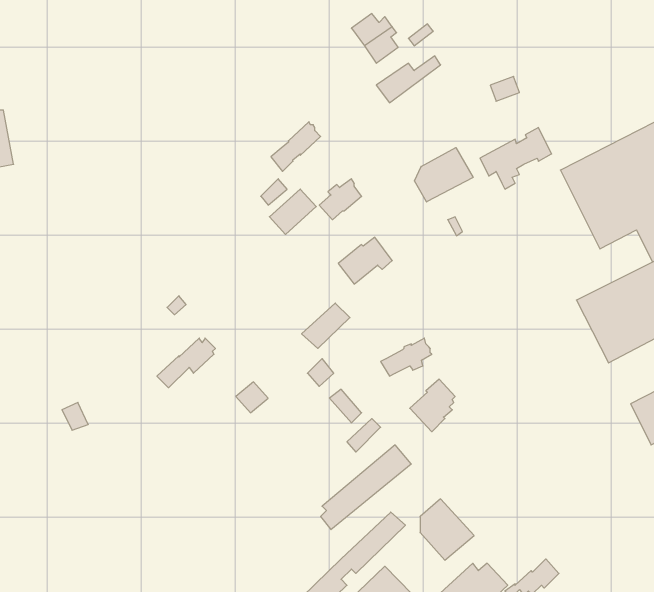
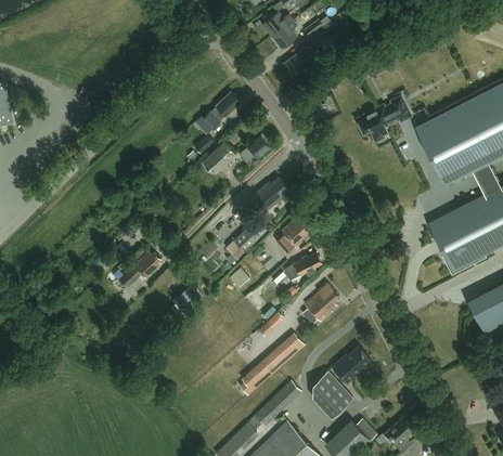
building: [414,148,473,202] -> none
building: none -> [276,216,312,252]
building: none -> [332,347,370,379]

